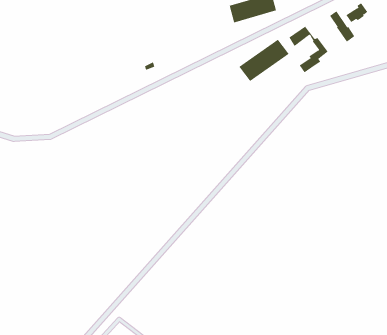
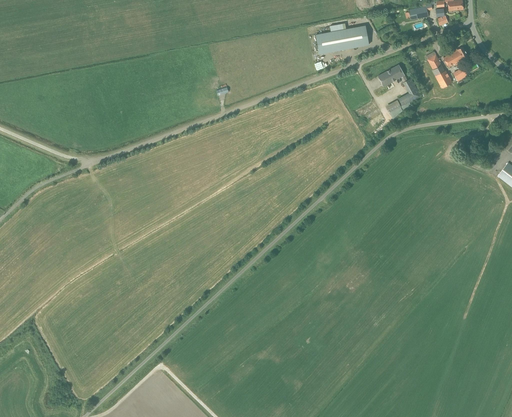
building: [239,39,289,82] -> none

